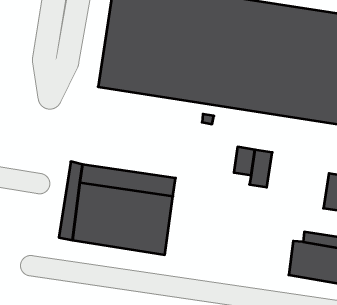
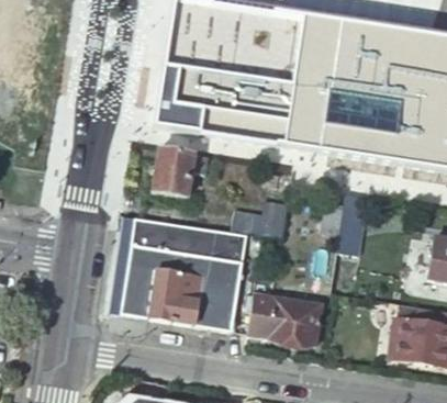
building: none -> [156,150,213,198]
building: none -> [237,201,289,239]
building: none -> [248,290,323,340]

